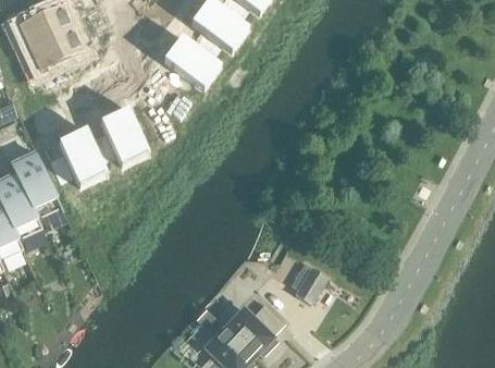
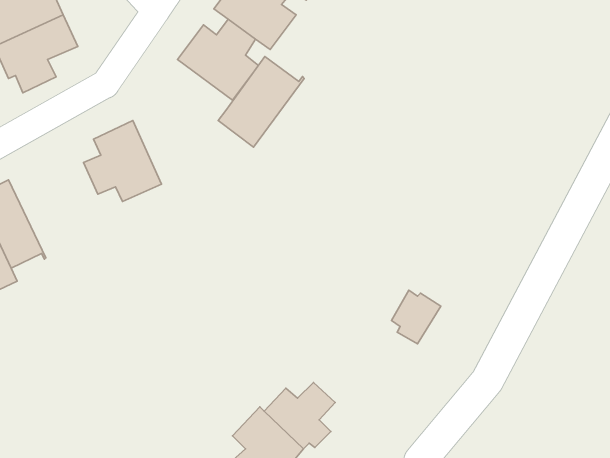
building: none -> [218,57,304,147]
building: [49,126,108,187] -> none
building: [289,262,326,303] -> [392,290,441,344]

